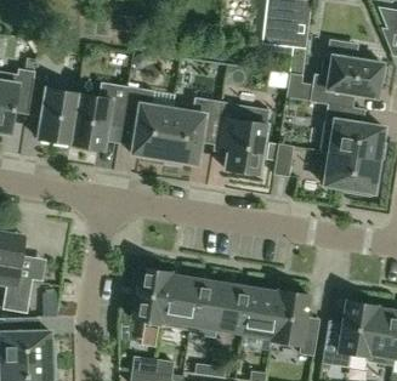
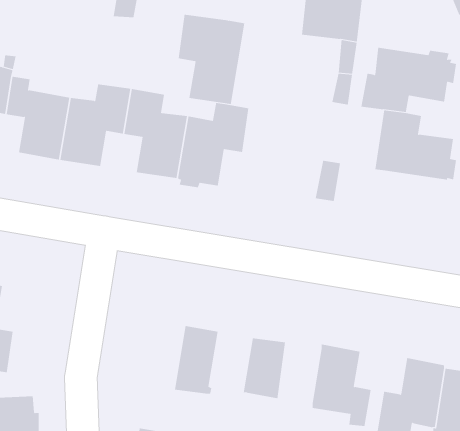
building: [215,103,268,175] -> [178,14,245,104]
building: [323,153,378,197] -> none
building: [130,268,169,328] -> none
building: [187,280,222,339] -> none
building: [243,289,277,337] -> none

